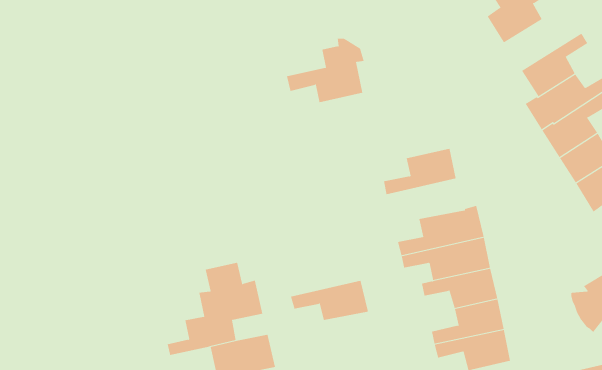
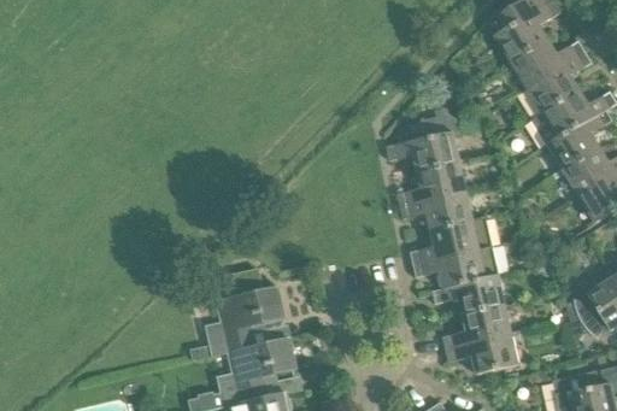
building: none -> [511,40,586,89]
building: [286,38,365,103] -> [387,111,462,172]
building: [290,280,369,321] -> [399,192,474,230]

